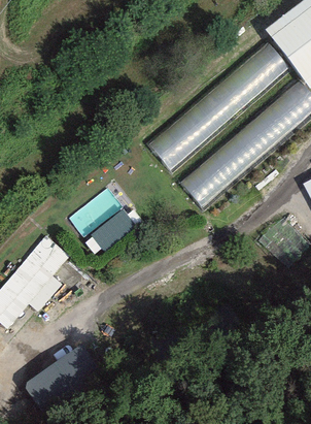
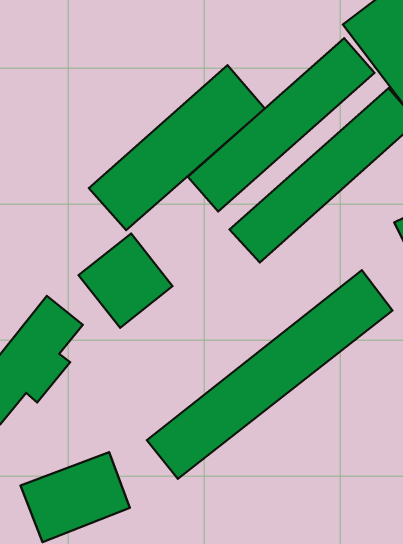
building: none -> [89,65,265,230]
building: none -> [147,270,393,479]

